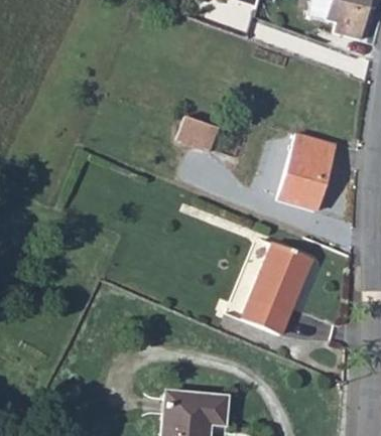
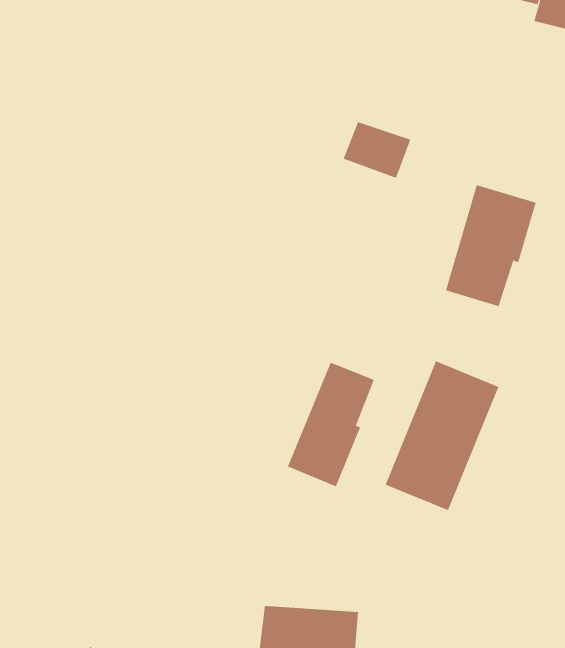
building: [178,116,221,151] -> [343,121,411,179]
building: none -> [287,362,374,487]

